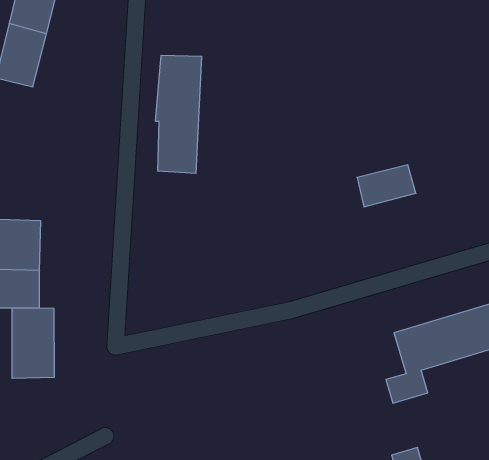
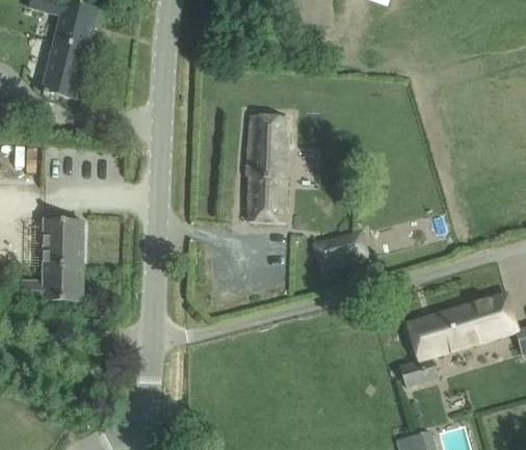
building: [155,55,202,173] -> [245,114,288,222]
building: [357,165,416,207] -> [313,231,367,269]
building: [12,308,54,378] -> none

